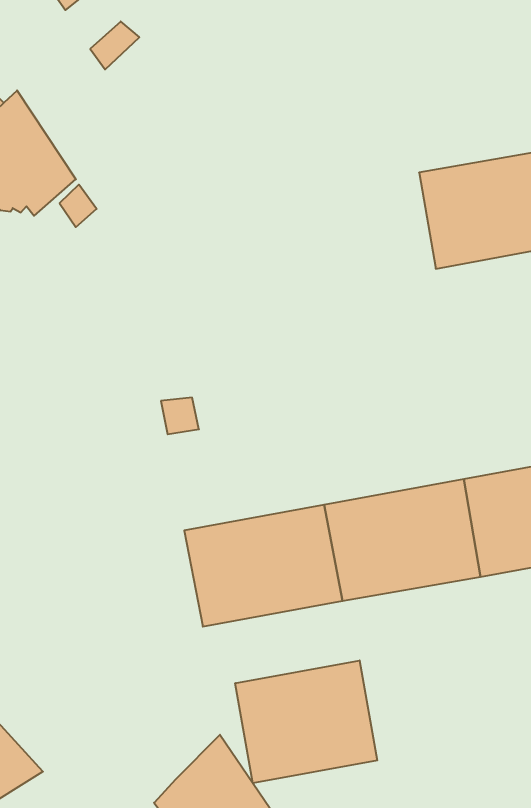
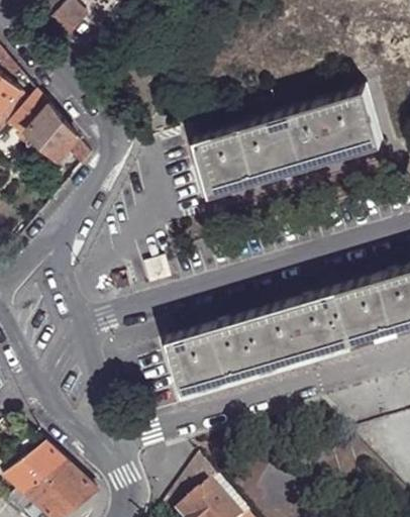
building: none -> [193,114,297,196]
building: [235,660,377,783] -> none

